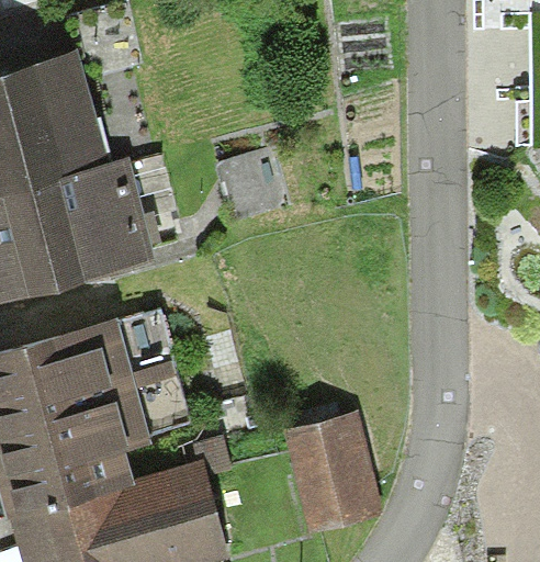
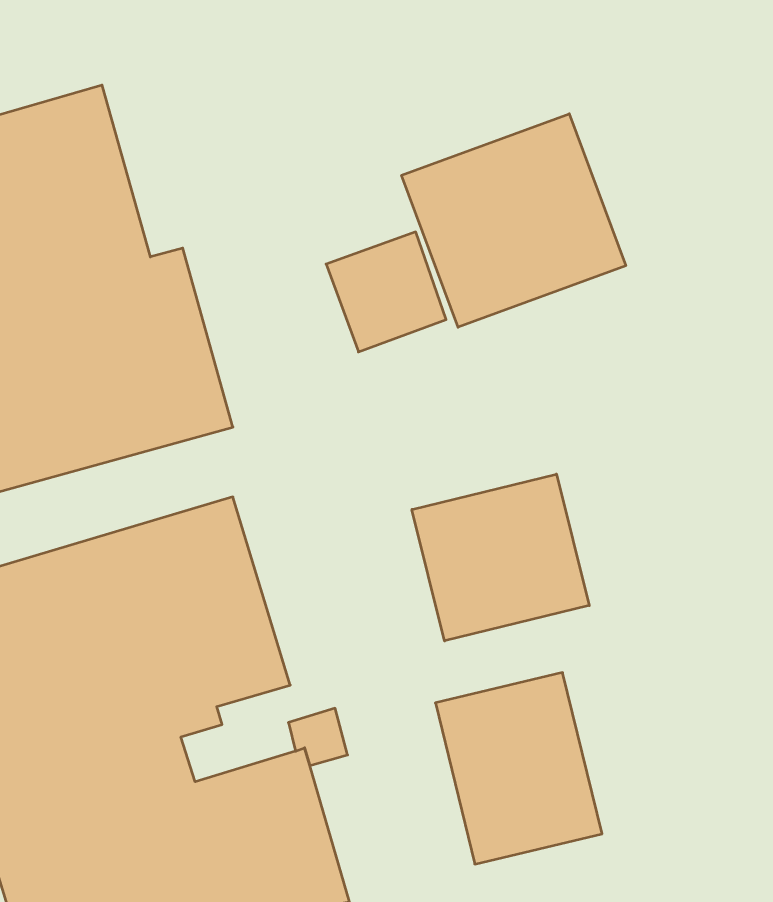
building: none -> [402,114,626,327]
building: none -> [412,474,589,641]

